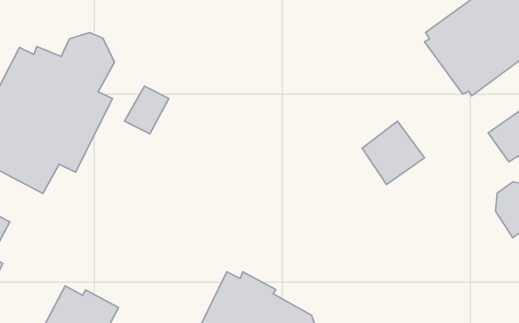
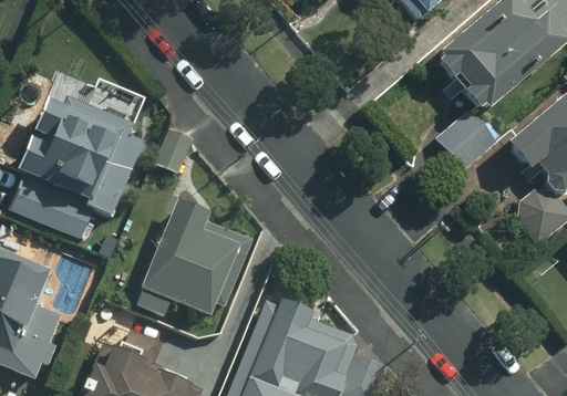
building: [362,121,424,184] -> [435,108,496,170]
building: none -> [136,198,252,316]

